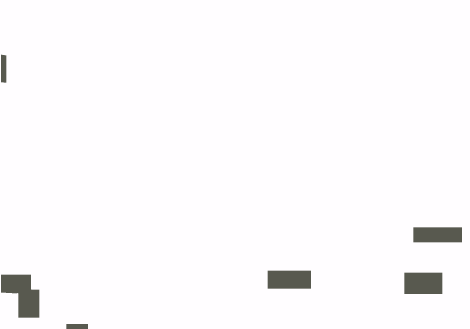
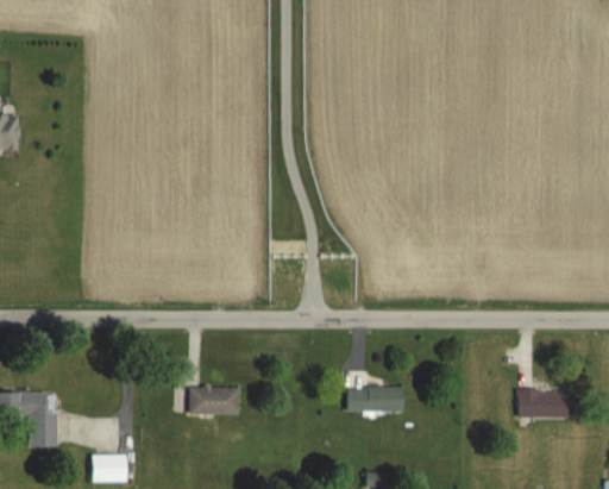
building: [413,226,463,243] -> none
building: none -> [189,387,238,414]

